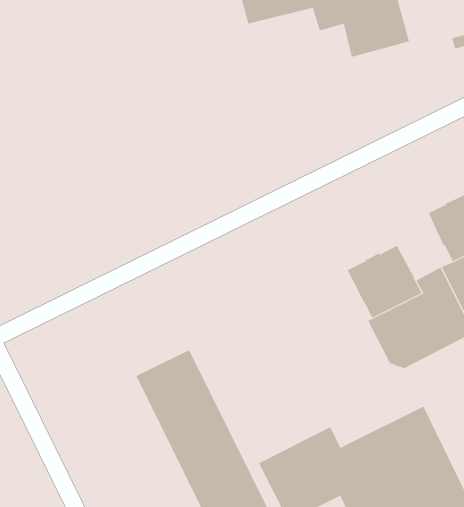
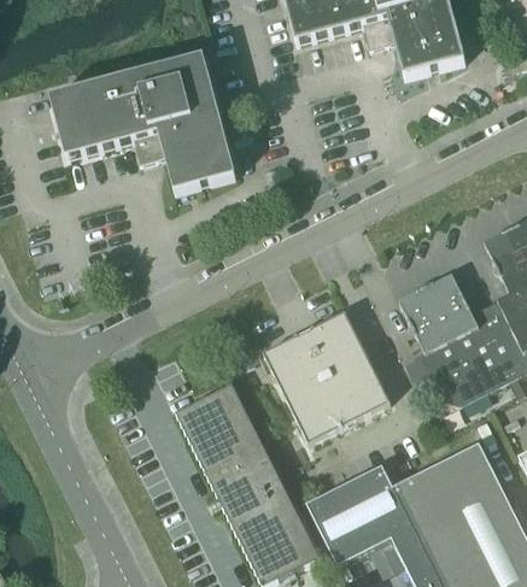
building: none -> [49,57,235,193]
building: none -> [263,311,390,442]

